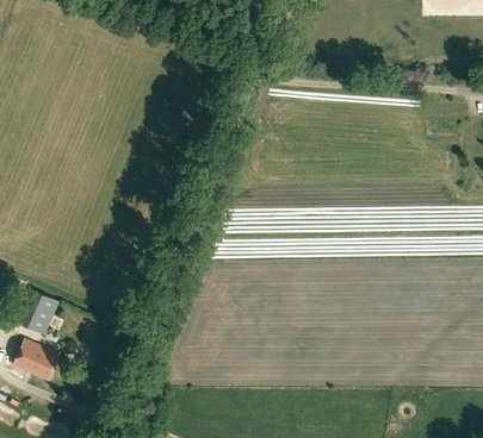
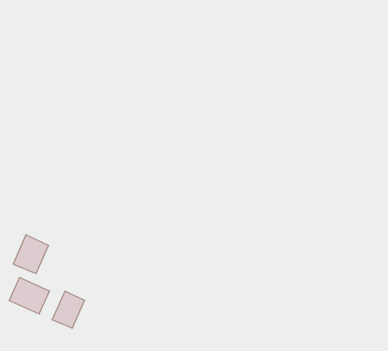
building: none -> [52,291,84,328]

